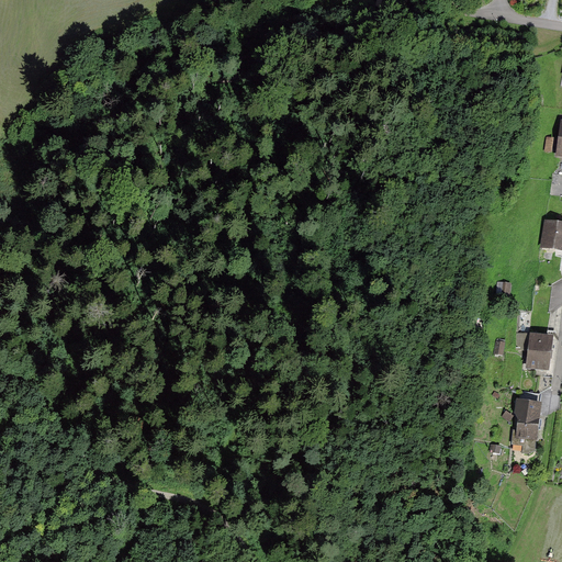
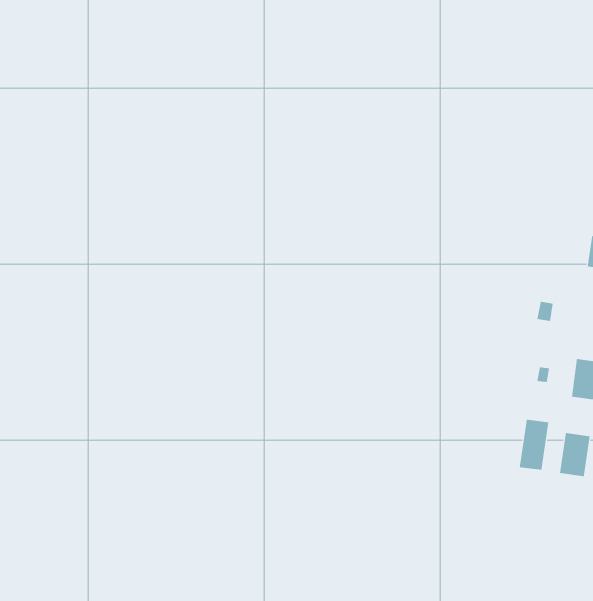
building: none -> [519,419,549,471]

